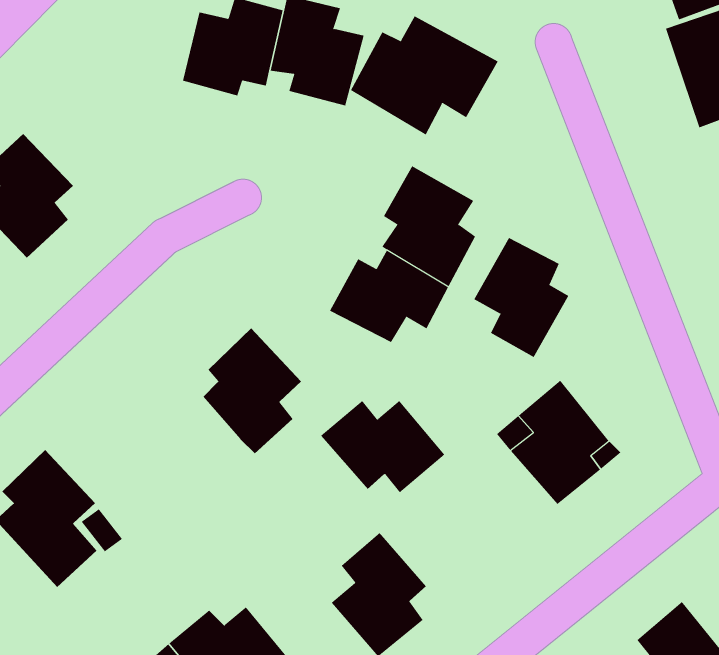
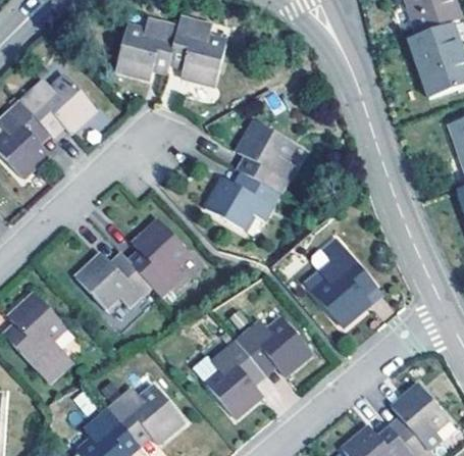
building: [350,16,499,135] -> none
building: none -> [20,78,96,136]
building: [474,237,569,358] -> none
building: none -> [75,253,151,309]
building: [320,400,445,493] -> [236,320,311,376]

